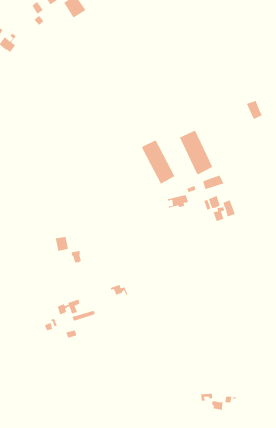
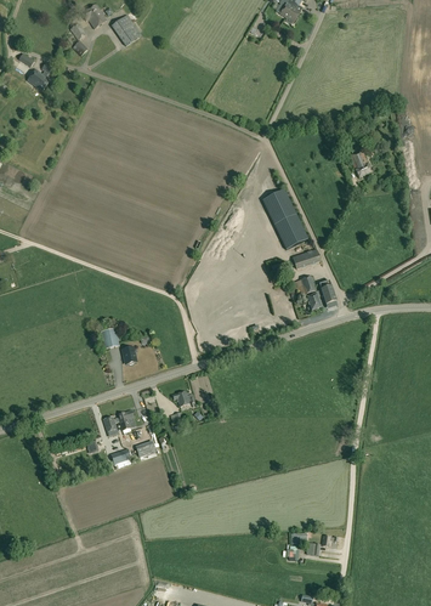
building: [141,139,176,185] -> none

